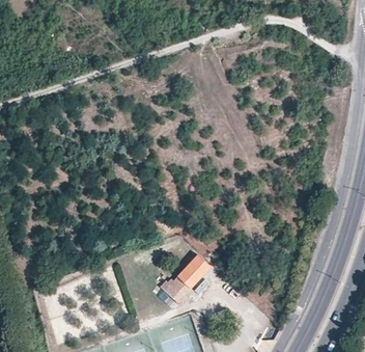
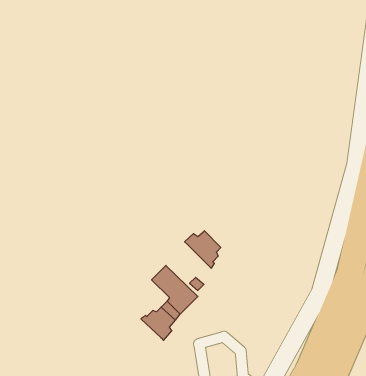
building: none -> [185,231,221,268]

